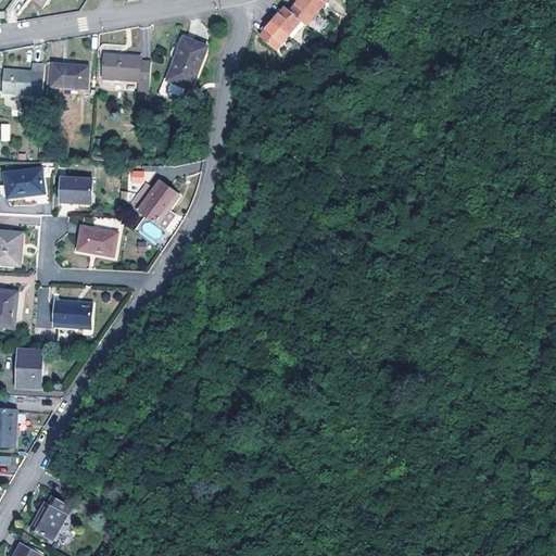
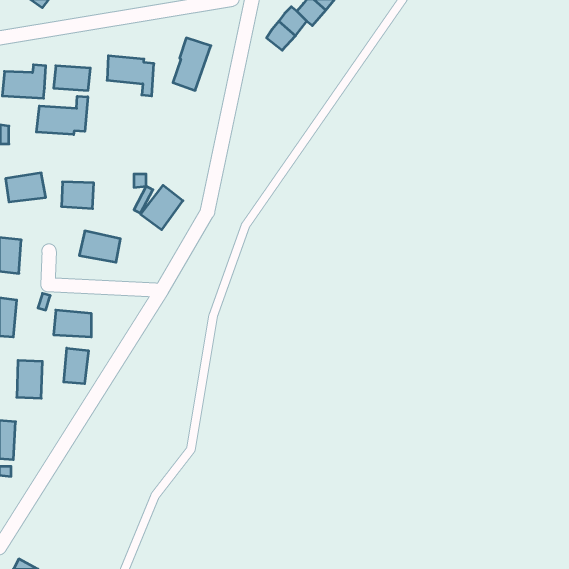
building: none -> [36,96,88,135]
building: none -> [64,348,88,384]
building: [30,496,68,539] -> none

